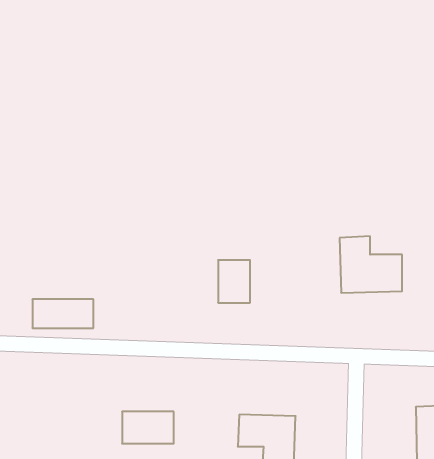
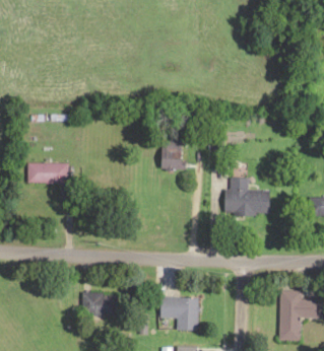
building: [218,260,250,303] -> [163,141,184,169]
building: [32,299,93,328] -> [27,163,68,183]

